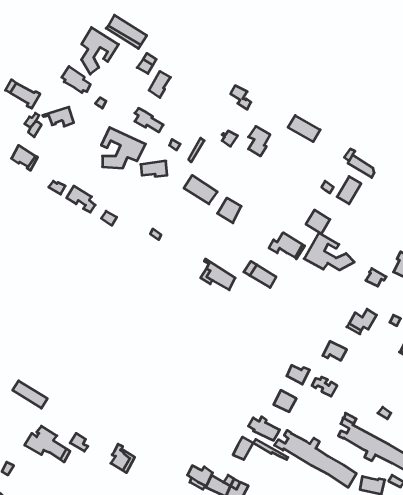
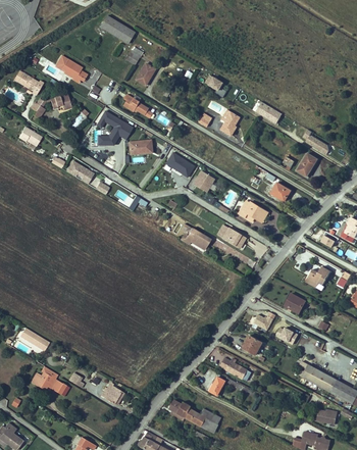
building: [81,27,119,74] -> none
building: [304,233,354,270] -> none
building: [274,430,356,487] -> none

